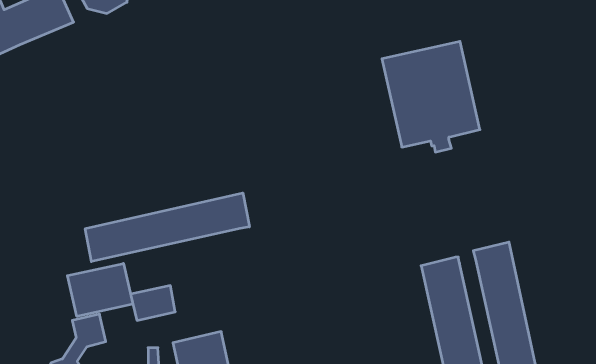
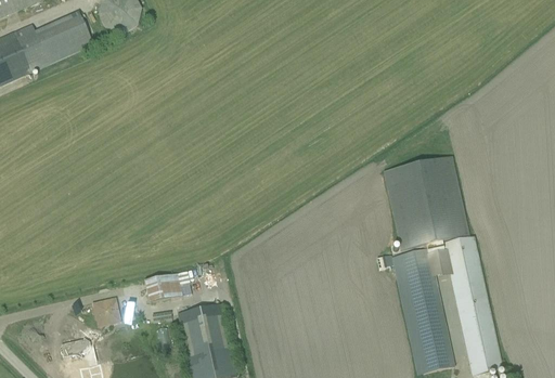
building: [382,41,480,152] -> [383,157,468,253]
building: [85,193,249,262] -> none
building: [67,263,133,316] -> none

